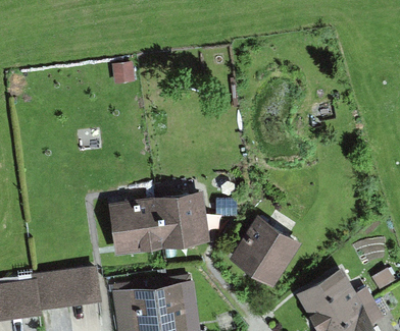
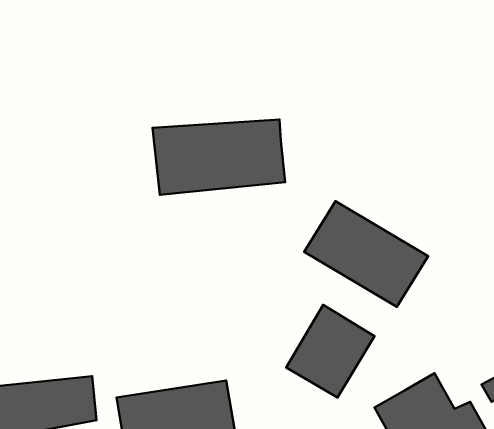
building: none -> [304,201,428,307]
building: [111,199,206,253] -> [153,119,285,195]

